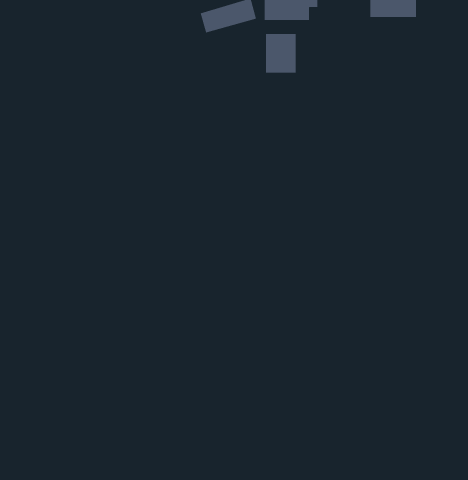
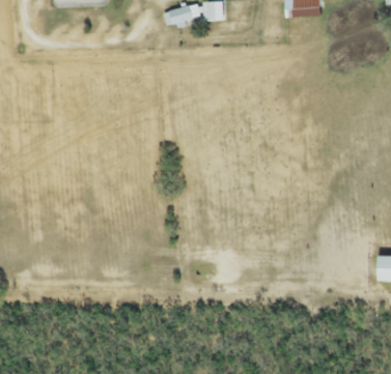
building: [265,33,296,74] -> none

